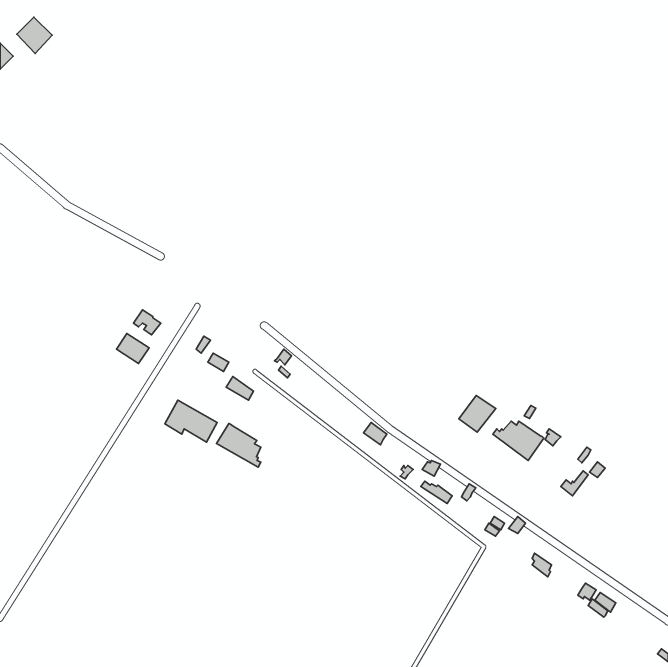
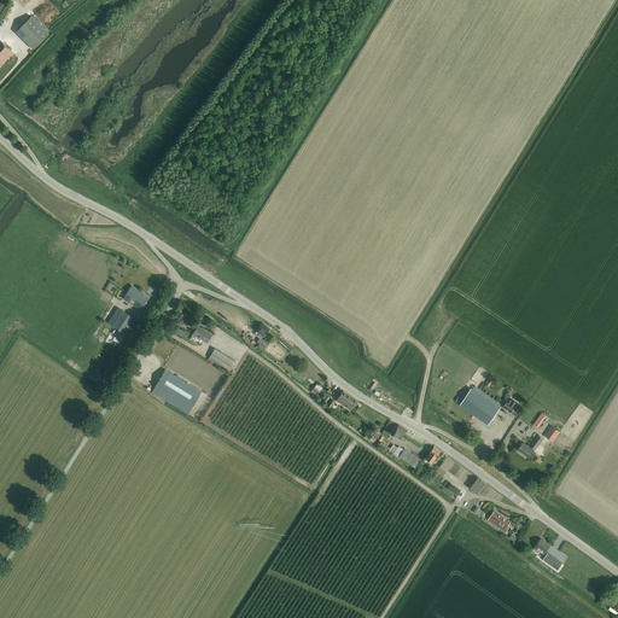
building: [459,395,496,432] -> none
building: [217,423,261,467] -> none

